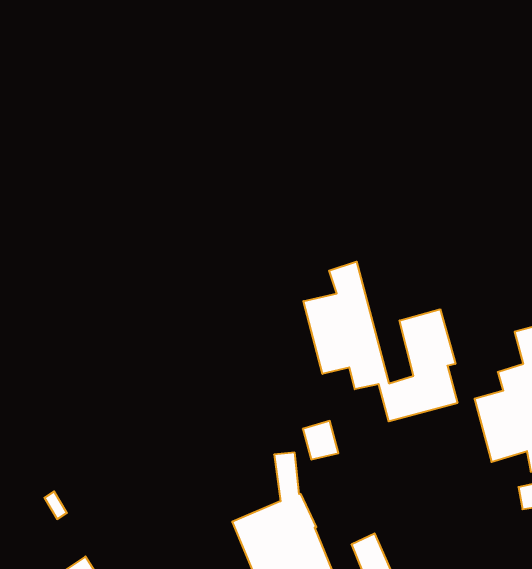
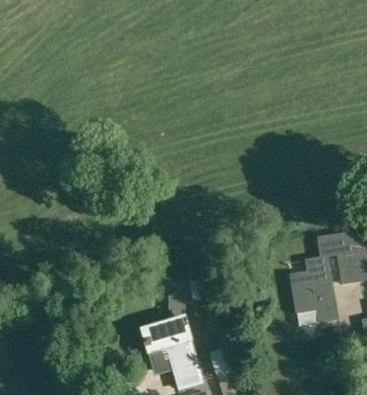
building: [303,262,457,421] -> none

